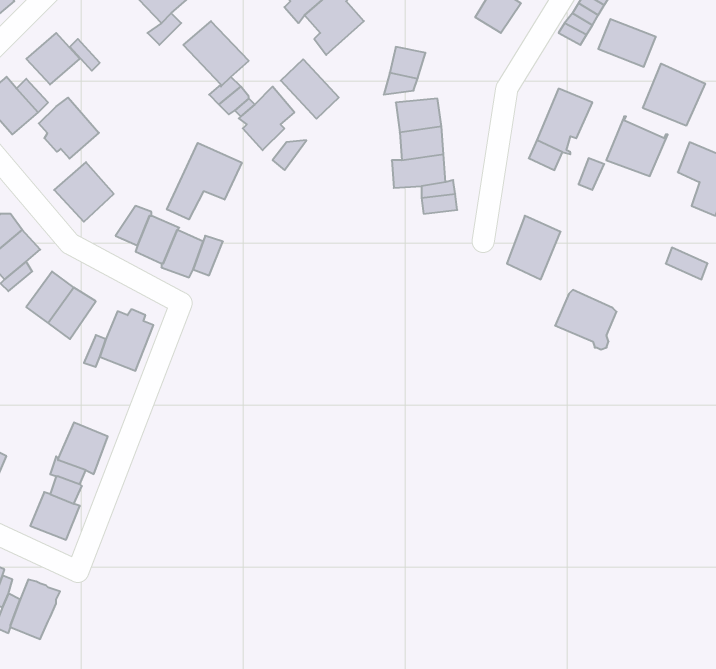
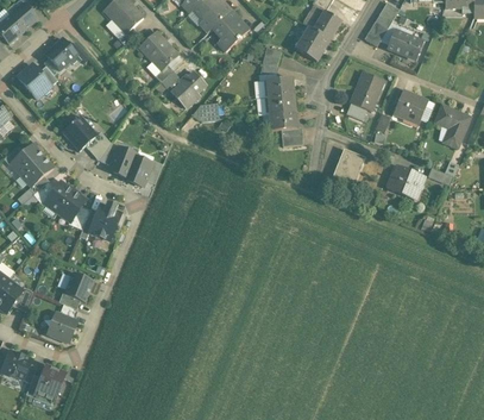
building: none -> [296,26,329,61]
building: [281,59,339,119] -> none
building: [643,64,705,126] -> none
building: [39,98,99,159] -> none
building: [167,143,242,219] -> none
building: [555,290,617,349] -> [388,165,425,201]

